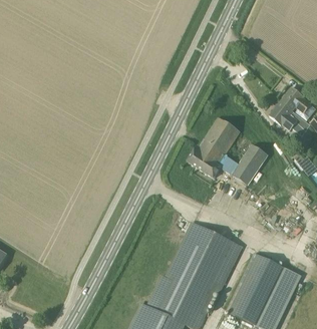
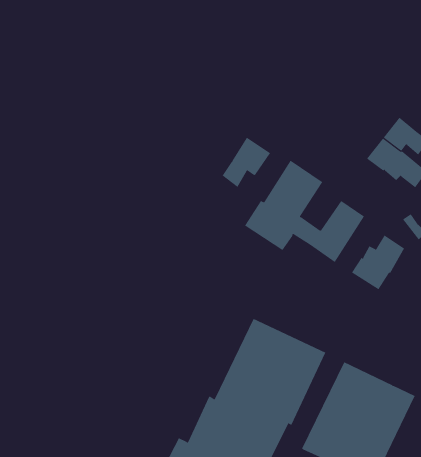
building: none -> [222,137,271,188]
building: none -> [351,234,405,290]

